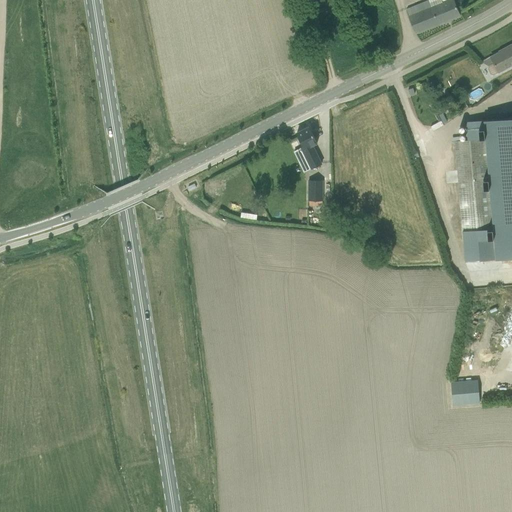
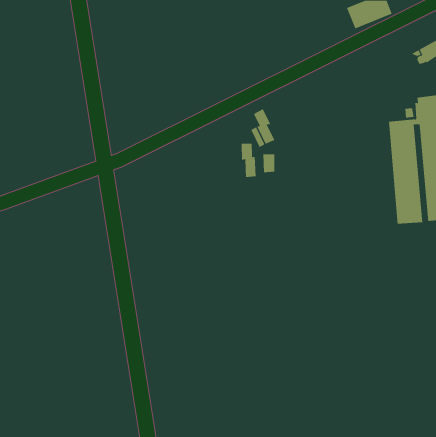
building: none -> [241,143,256,178]
building: [452,380,480,405] -> none

